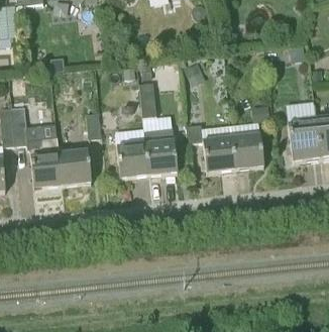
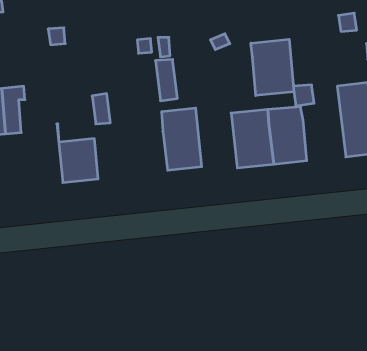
building: none -> [251,39,294,96]
building: [114,126,148,178] -> none
building: [30,136,62,188] -> none

